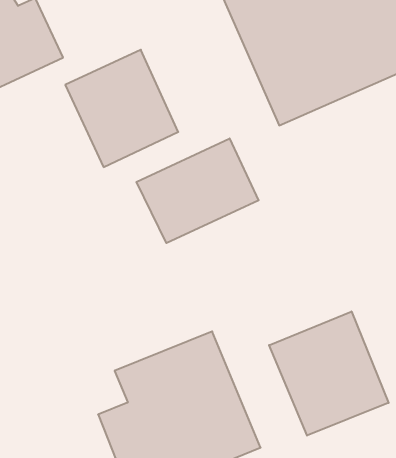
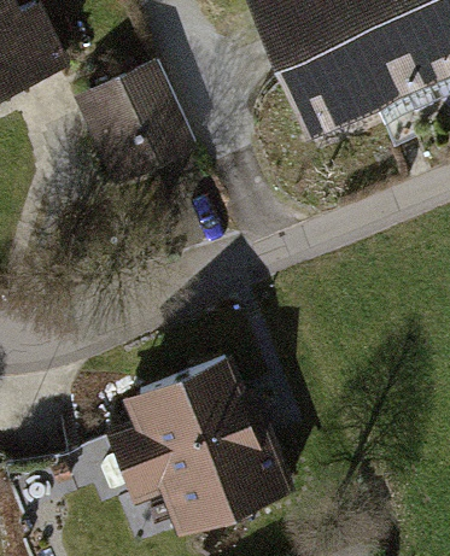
building: [136,138,259,243] -> none
building: [269,311,389,436] -> none

